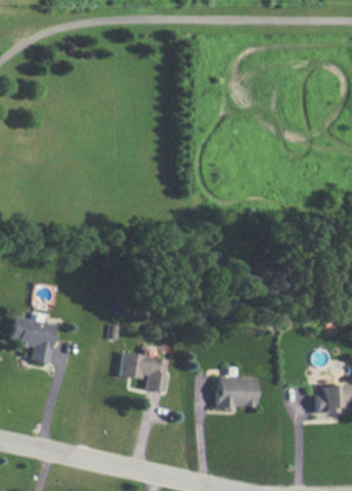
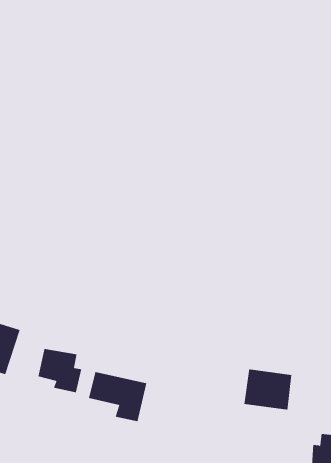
building: none -> [38,348,82,393]
building: [218,376,257,408] -> [244,369,292,410]

